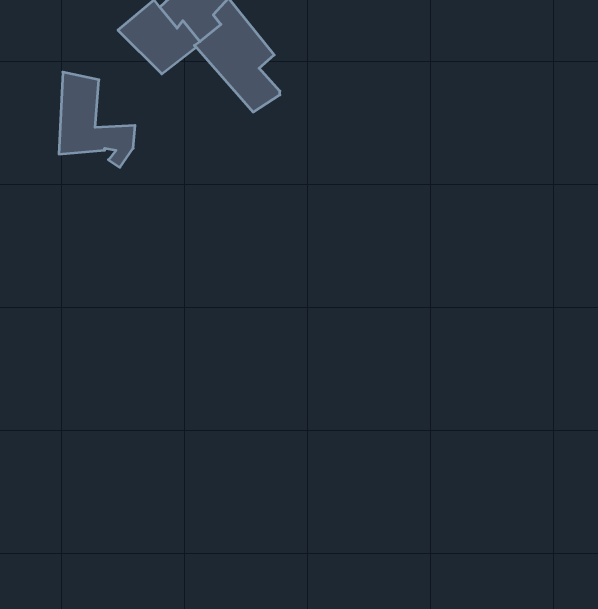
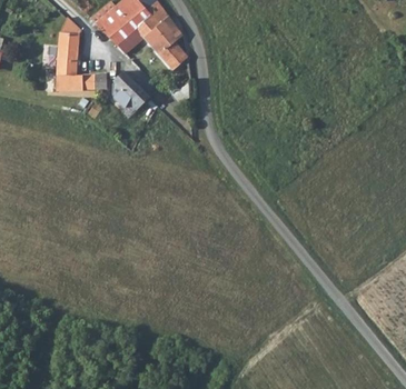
building: none -> [58,17,81,48]
building: none -> [113,71,149,110]

